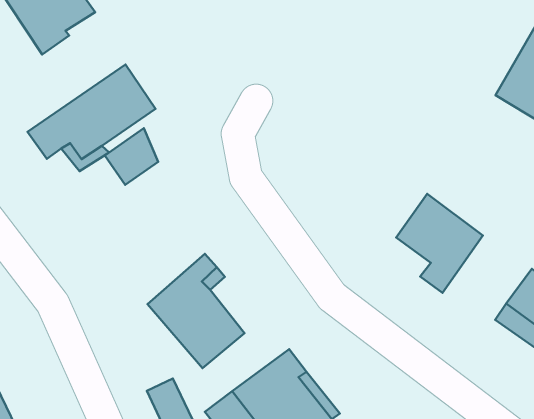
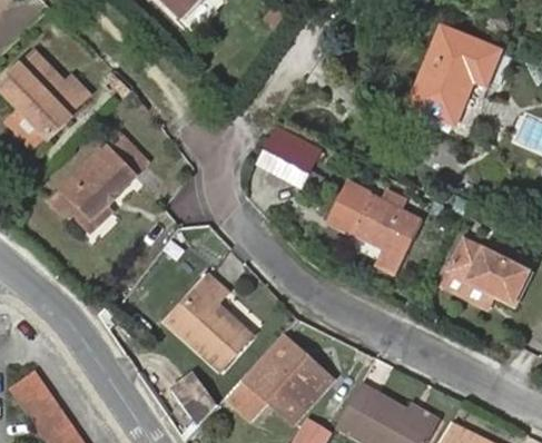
building: none -> [262,126,322,186]
building: [105,128,158,185] -> none
building: none -> [334,185,374,234]

